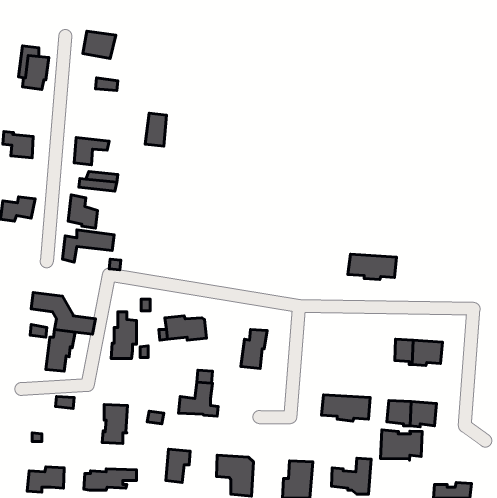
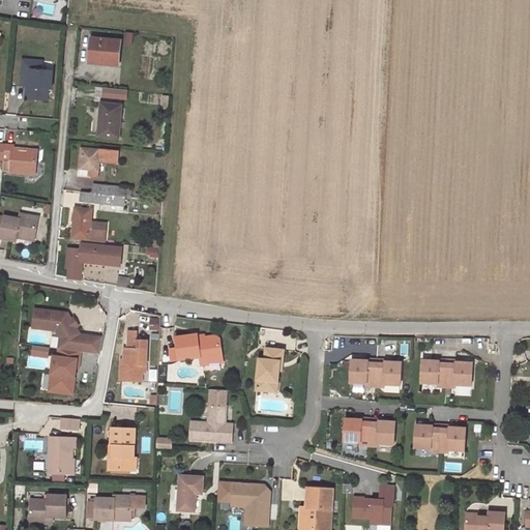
building: [145,113,167,146] -> [97,99,120,135]
building: [348,254,396,279] -> [348,360,400,387]
building: none -> [50,436,77,475]
building: [381,430,422,460] -> none

